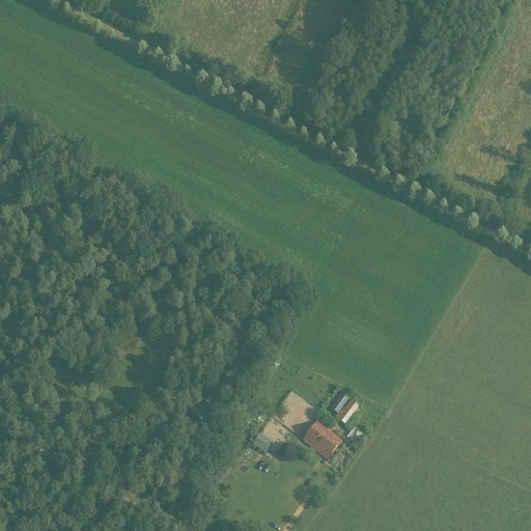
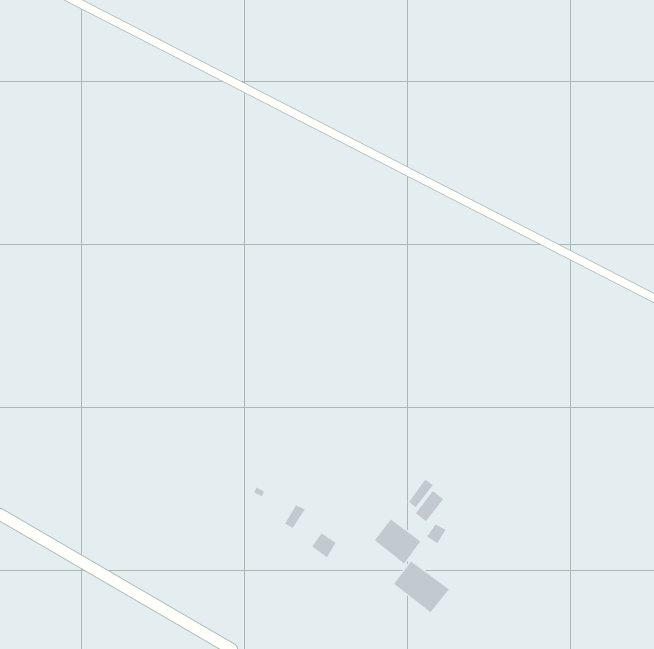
building: none -> [393,560,450,613]

